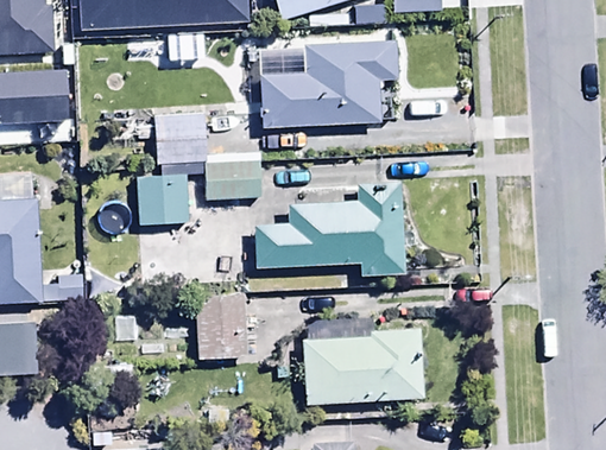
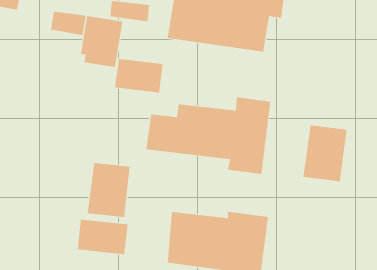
building: [137,176,187,224] -> none
building: none -> [303,125,347,182]
building: none -> [77,219,128,255]

